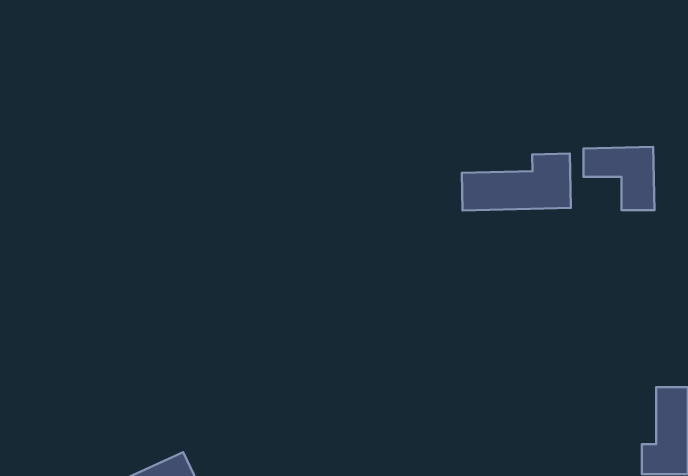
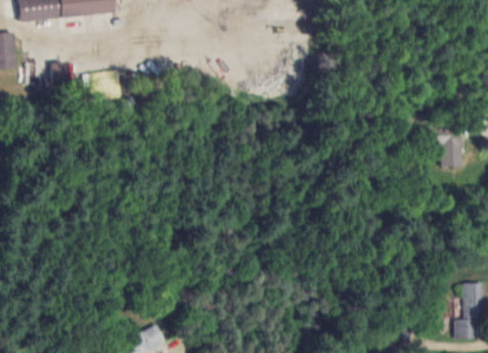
building: [462,154,571,210] -> none

